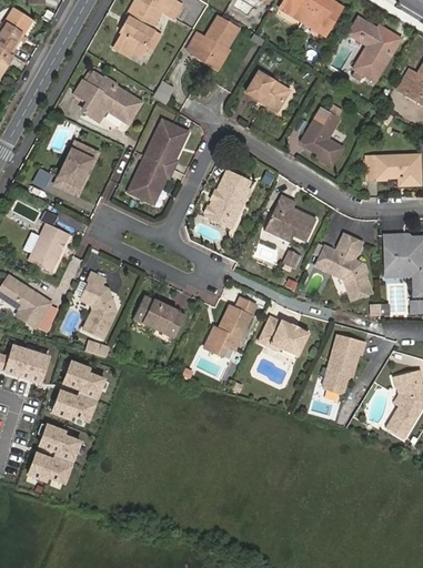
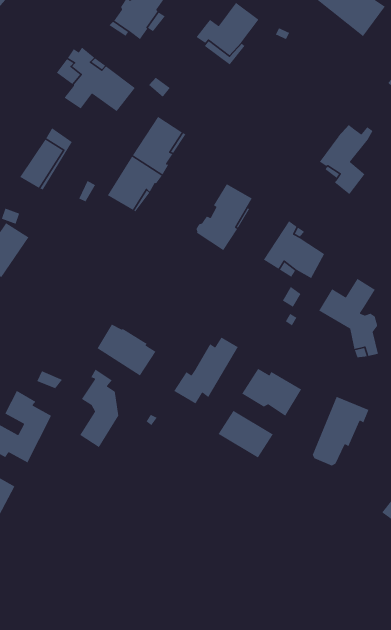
building: [245,73,289,112] -> none
building: [80,272,113,337] -> [79,369,119,448]
building: none -> [218,410,274,459]

